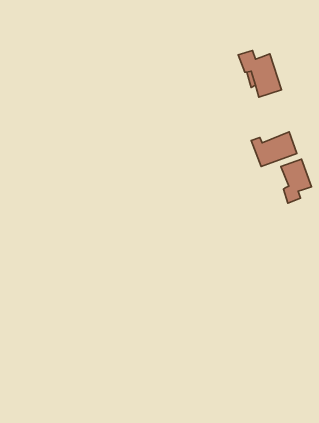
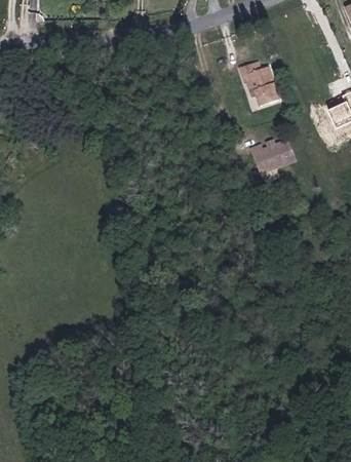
building: [281,159,312,203] -> none

